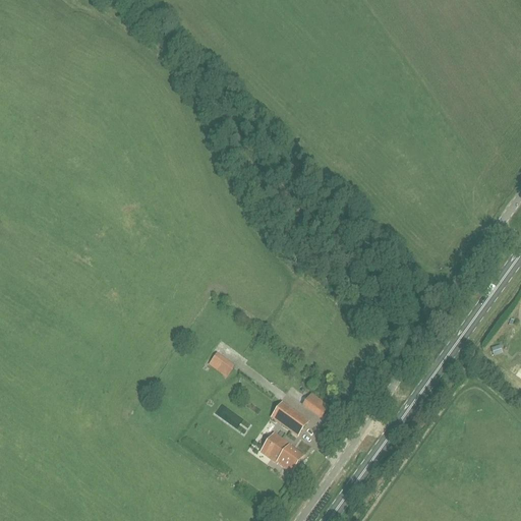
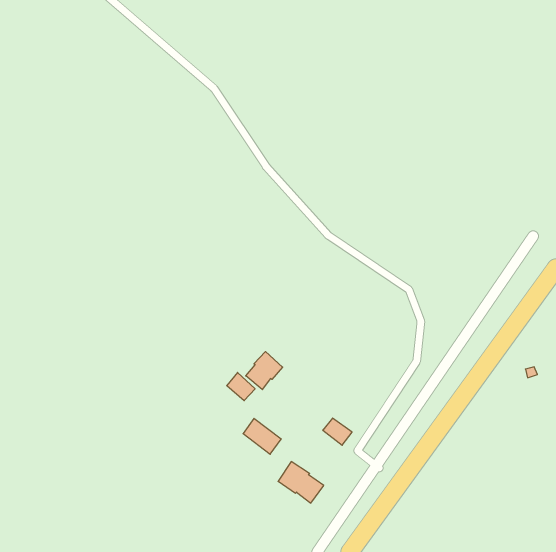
building: none -> [246,352,283,390]
building: [271,400,306,433] -> [243,418,281,454]

